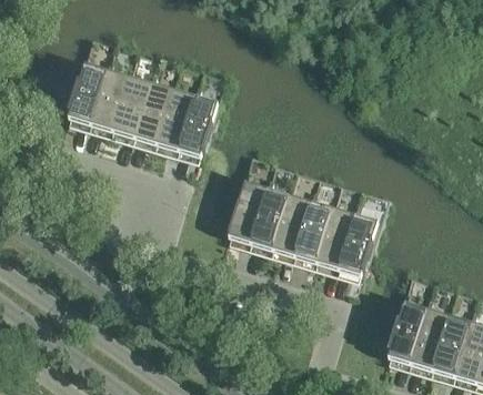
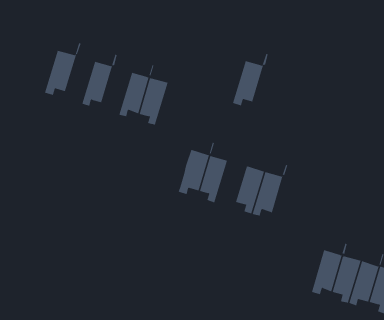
building: [92,72,127,131] -> none
building: [135,85,171,144] -> none
building: [271,190,314,253] -> [232,53,268,106]
building: [340,214,376,275] -> none

